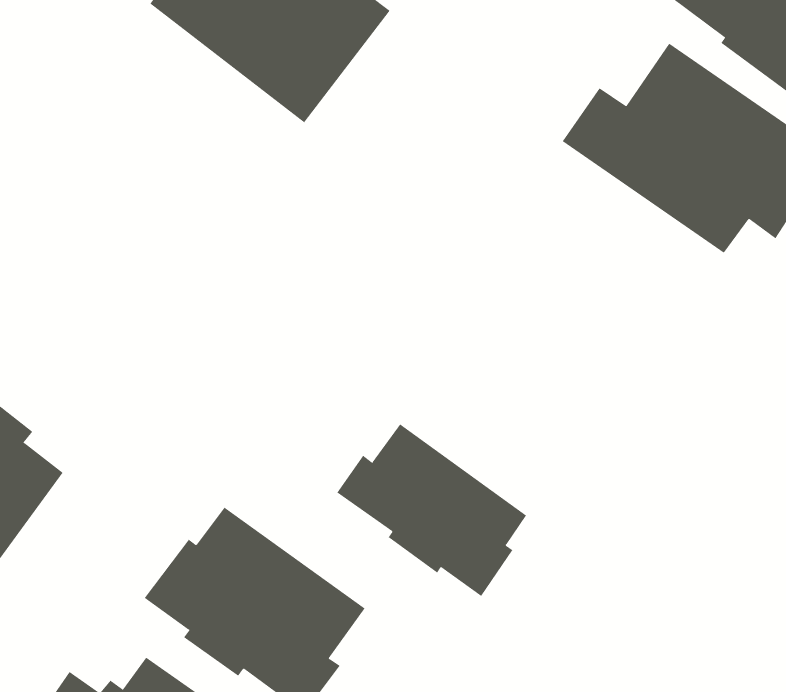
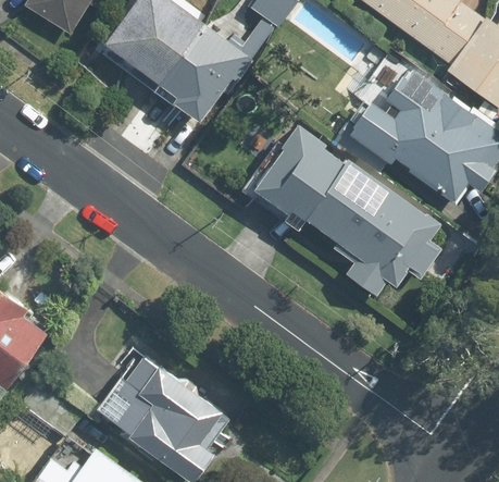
building: none -> [253,129,442,294]
building: [337,424,527,597] -> none

